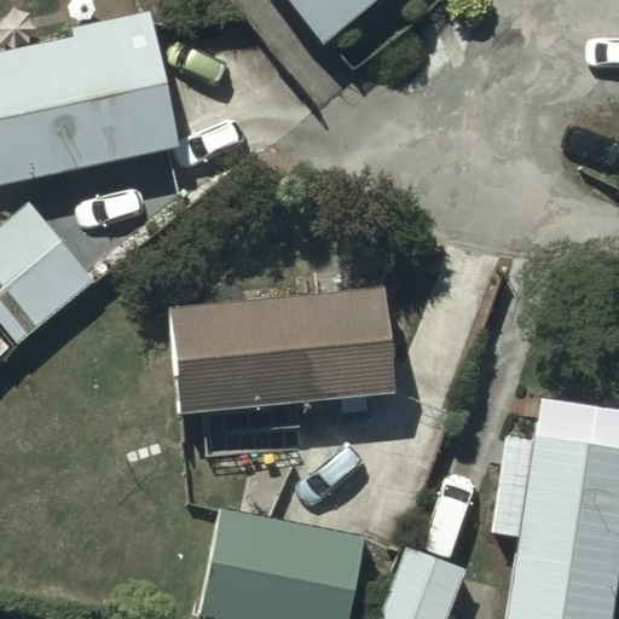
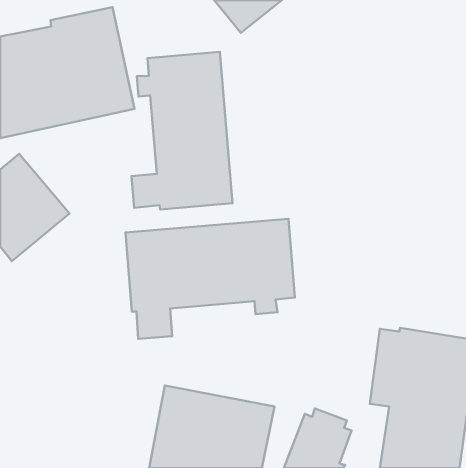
building: none -> [131,52,233,209]

